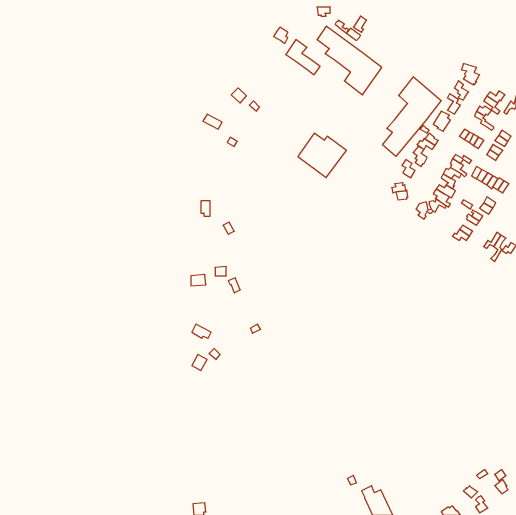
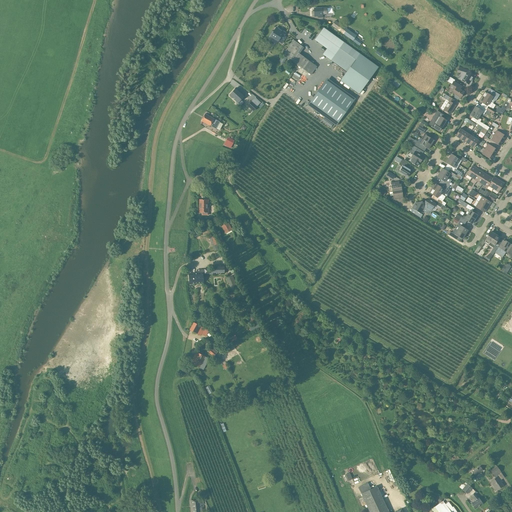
building: [383,77,441,156] -> none
building: [298,133,346,178] -> [308,81,356,125]

